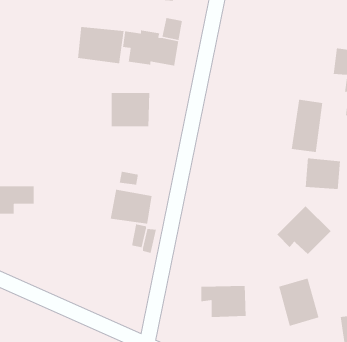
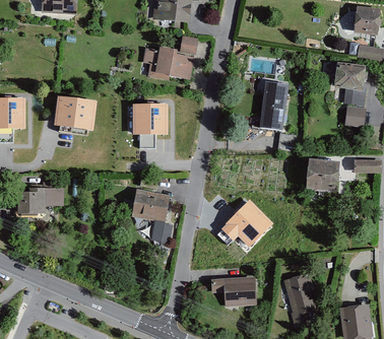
building: [77,26,124,64] -> [54,95,97,130]
building: [291,99,323,153] -> [258,80,287,129]
building: [276,205,331,255] -> [220,200,270,245]

